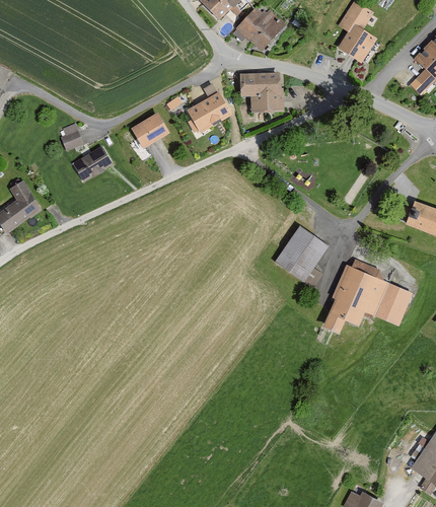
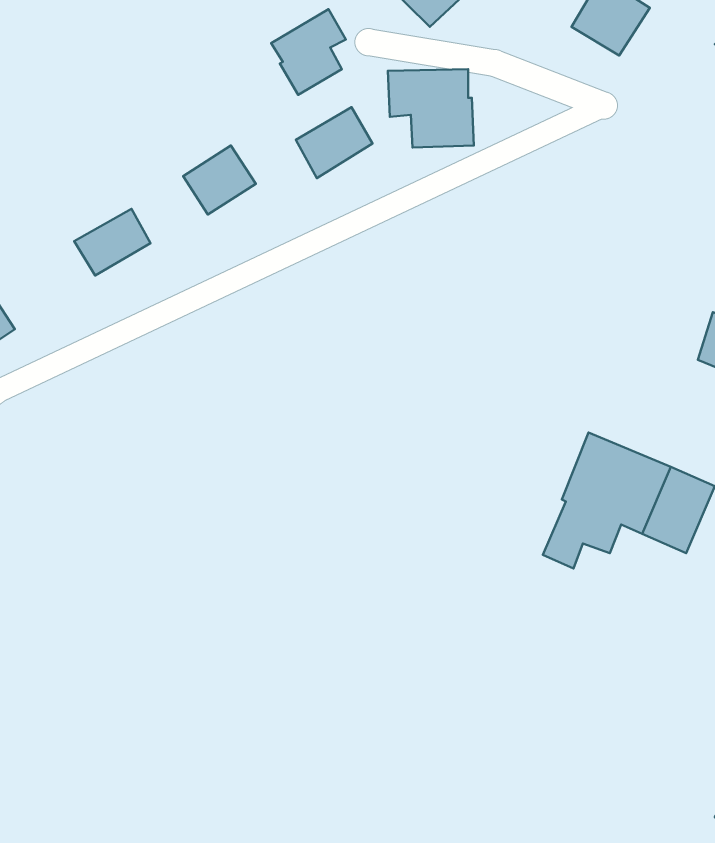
building: none -> [271,9,346,95]
building: [61,123,82,151] -> none
building: [274,225,329,289] -> none

